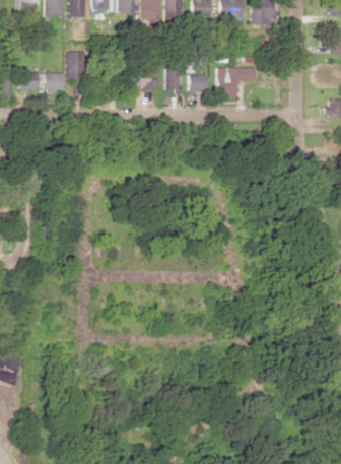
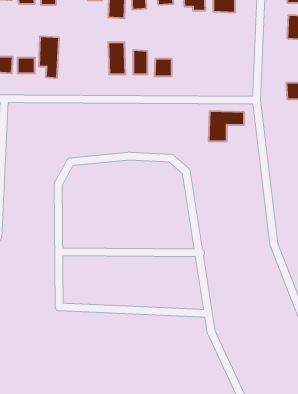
building: [217,66,255,97] -> [209,111,244,141]

